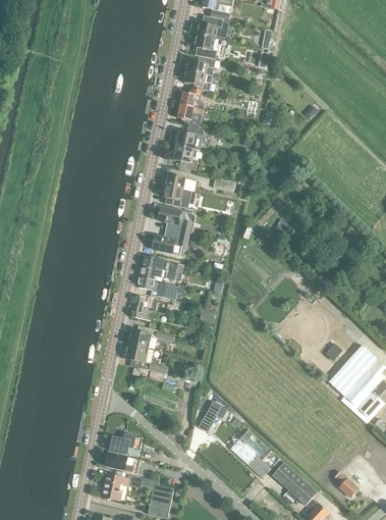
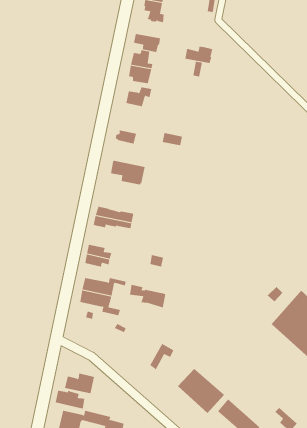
building: [183,57,214,75] -> [185,46,213,63]
building: [170,145,196,170] -> none
building: [161,185,199,209] -> none
building: [151,228,189,256] -> none
building: [136,275,176,301] -> [129,284,166,308]

